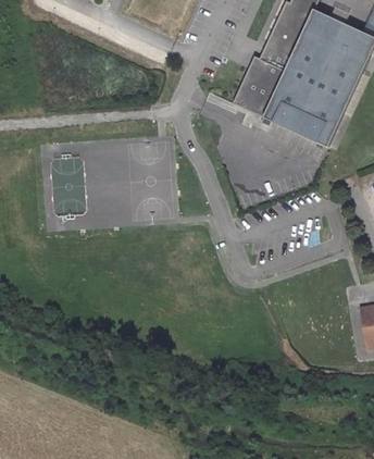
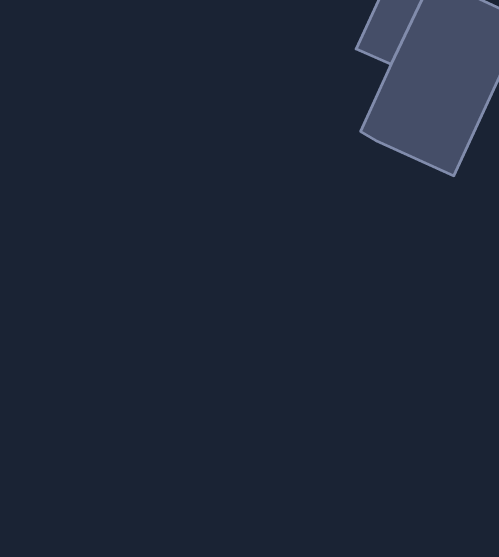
building: [235,57,282,115] -> none

